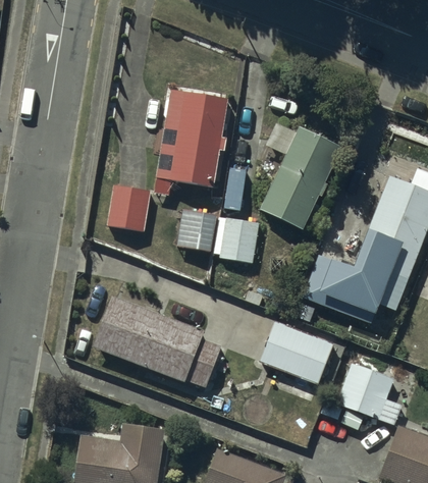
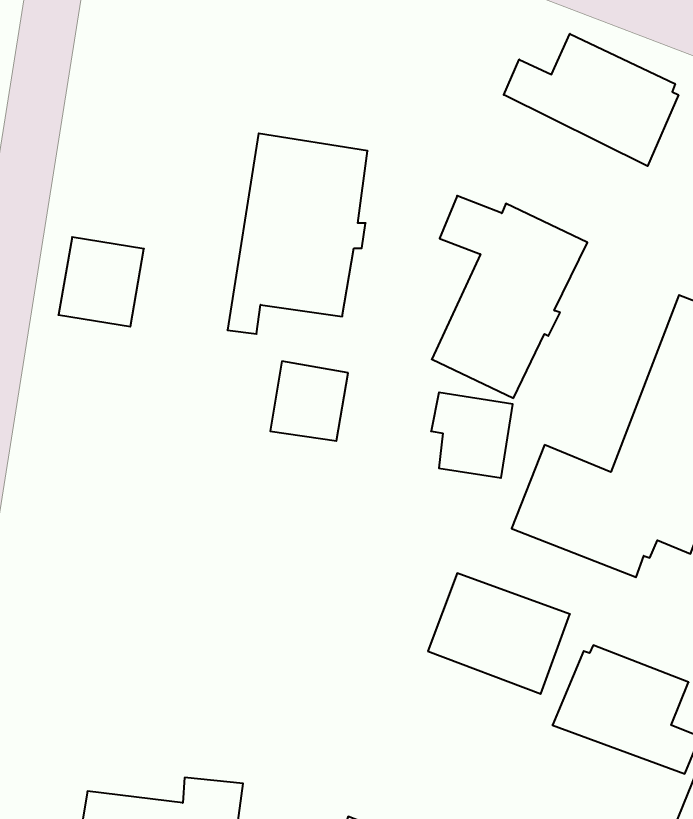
building: none -> [504,34,678,166]
building: [106,185,151,232] -> [58,237,144,327]
building: [215,218,258,263] -> [431,392,513,478]
building: [92,296,221,387] -> none

